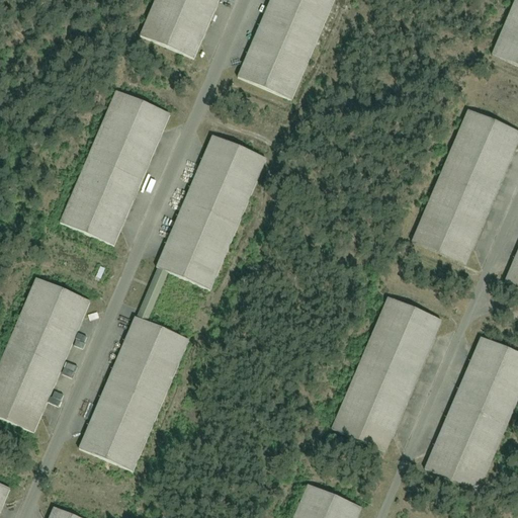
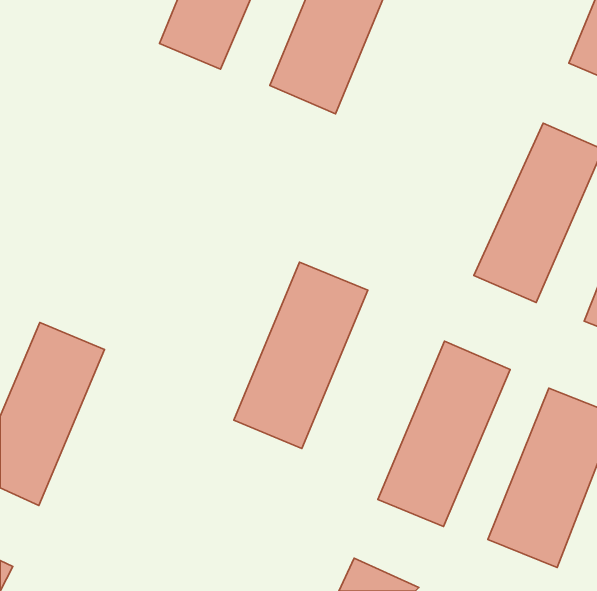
building: [62,87,172,240] -> none
building: [155,131,270,291] -> [234,262,368,448]
building: [78,315,193,474] -> none

